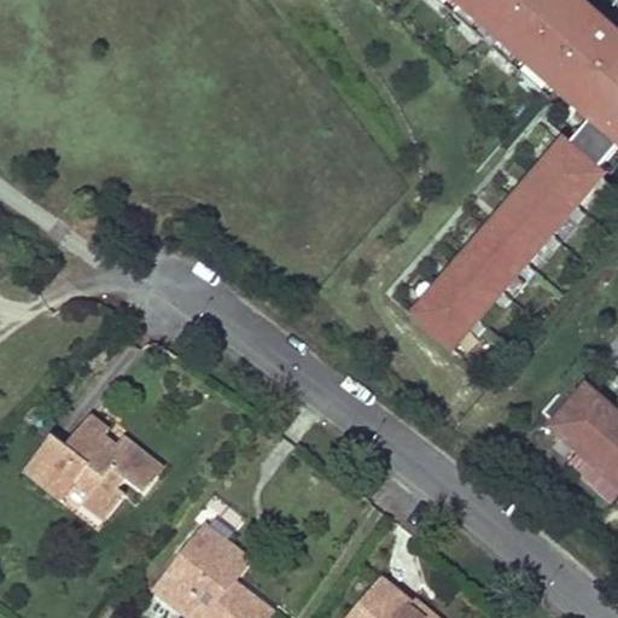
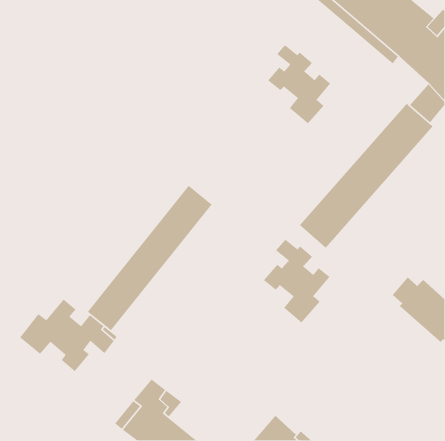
building: none -> [267,44,331,124]
building: none -> [87,185,213,331]
building: none -> [263,239,330,323]

